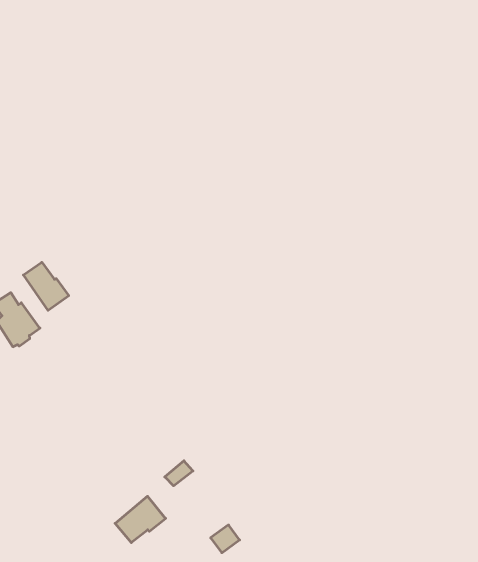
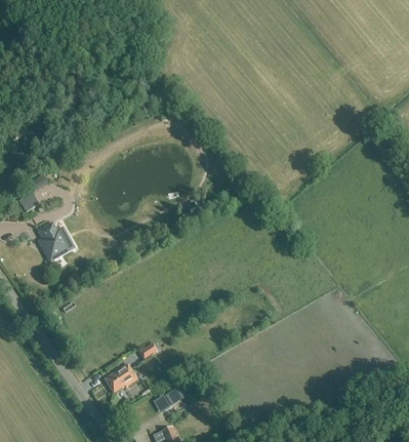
building: [23,262,69,310] -> none

